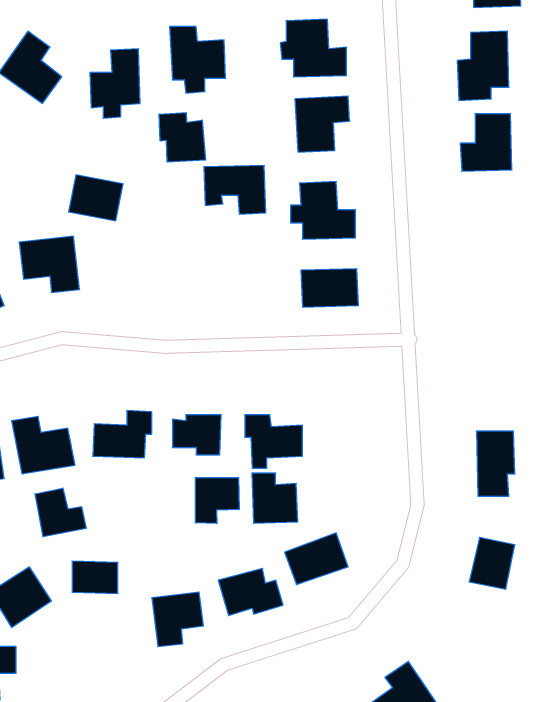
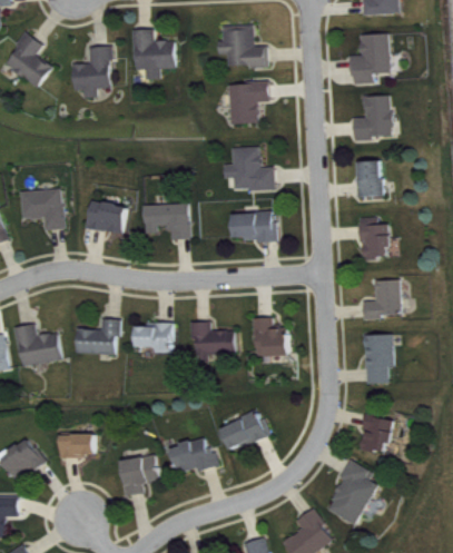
building: [159,113,205,162] -> none
building: [204,166,266,214] -> [142,203,189,239]
building: [69,175,123,221] -> [86,199,127,234]
building: none -> [354,160,382,196]
building: none -> [358,217,388,259]
building: none -> [362,279,400,317]
building: [252,473,298,523] -> [253,317,287,355]
building: [196,477,239,524] -> none
building: [35,488,86,537] -> none
building: none -> [326,461,376,524]

